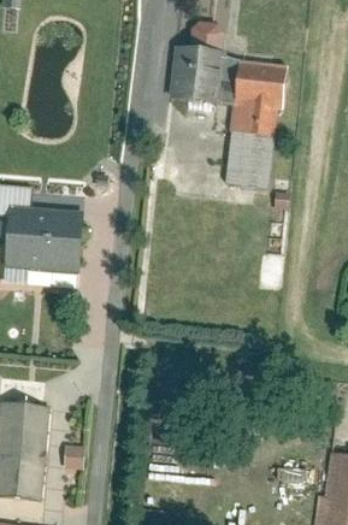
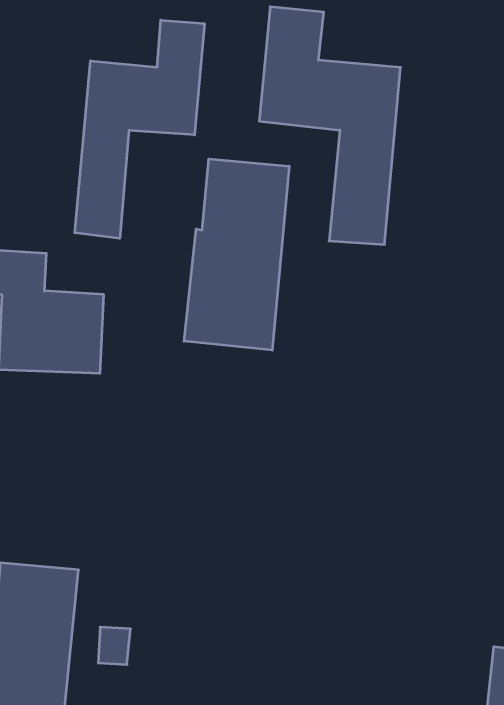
building: none -> [75,20,204,238]
building: none -> [184,159,289,350]

